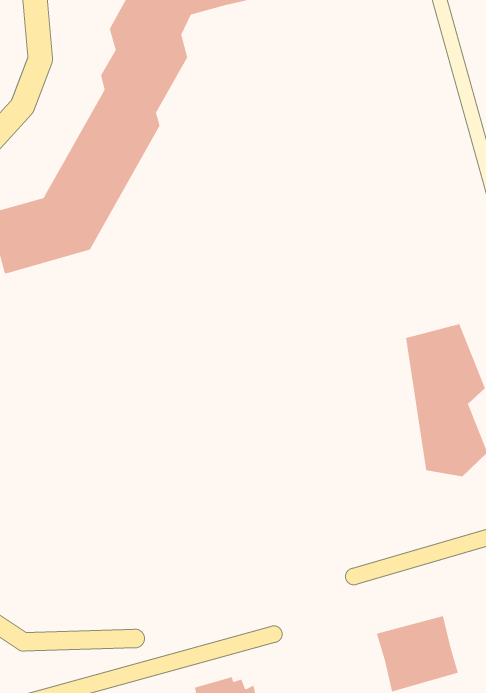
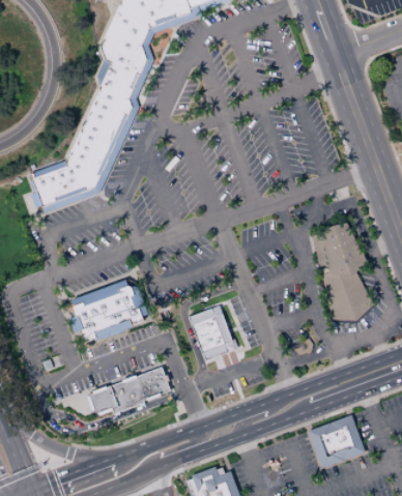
building: none -> [69,280,149,344]
building: none -> [177,302,239,368]
building: none -> [88,367,171,414]

